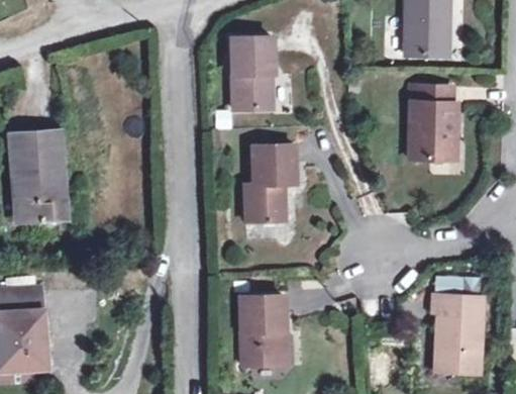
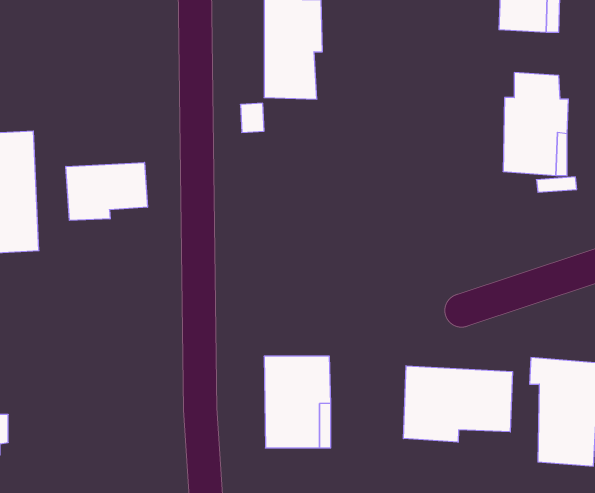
building: [244,142,297,220] -> none
building: none -> [66,162,147,220]
building: none -> [403,366,513,442]

